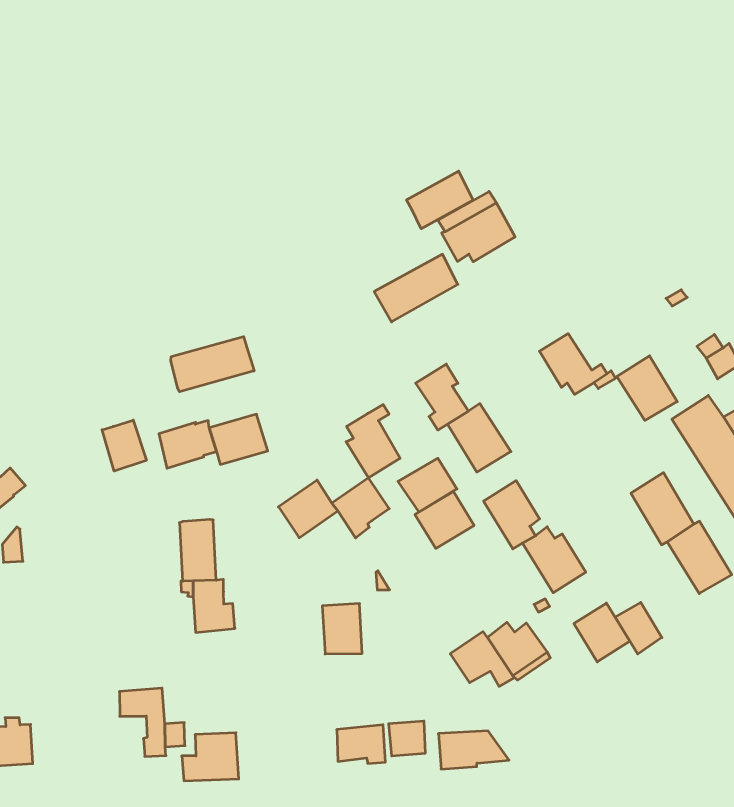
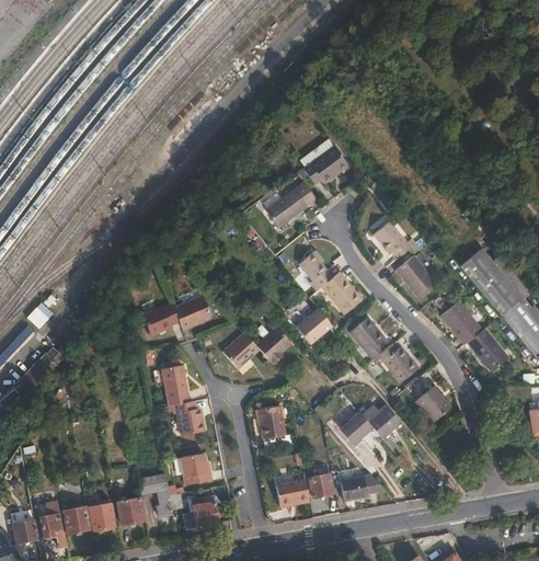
building: [407,171,473,229] -> none
building: [171,337,254,392] -> none
building: [617,356,677,420] -> [395,254,435,295]
building: [346,405,400,478] -> none
building: [102,420,146,471] -> none
building: [415,492,474,548] -> none
building: [615,602,662,654] -> none
building: none -> [180,451,213,484]
building: none -> [89,499,115,529]
building: none -> [117,496,144,525]

